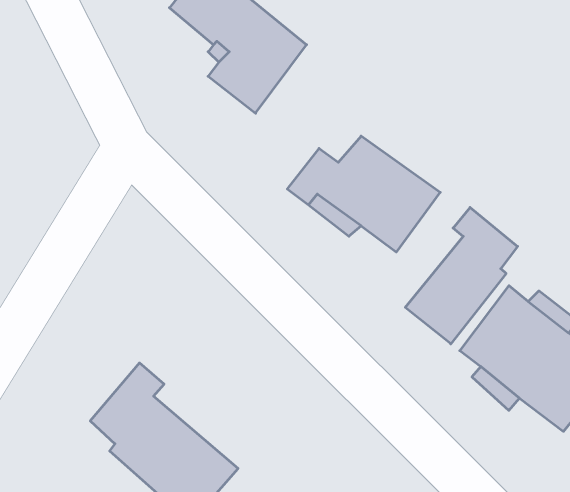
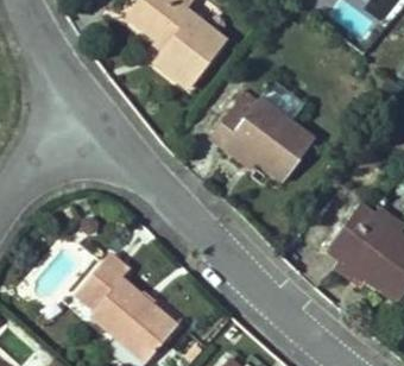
building: [405,207,518,344] -> none

